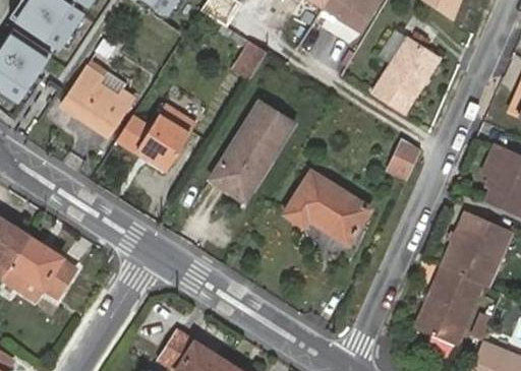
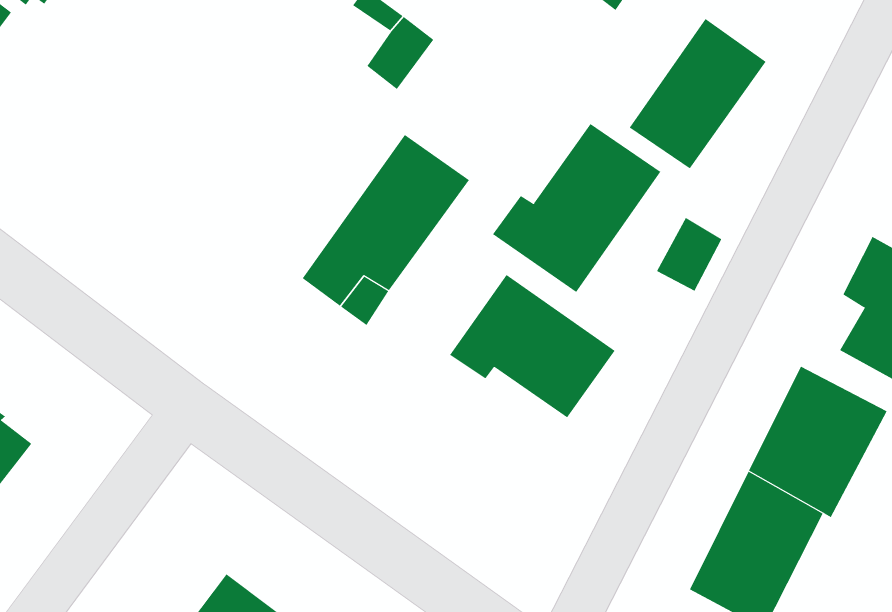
building: [62,68,131,135] -> none
building: none -> [492,123,661,293]
building: [117,106,196,170] -> none

